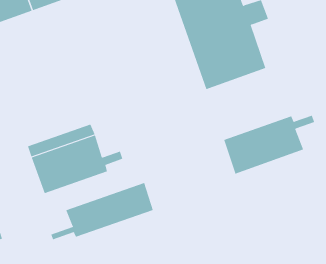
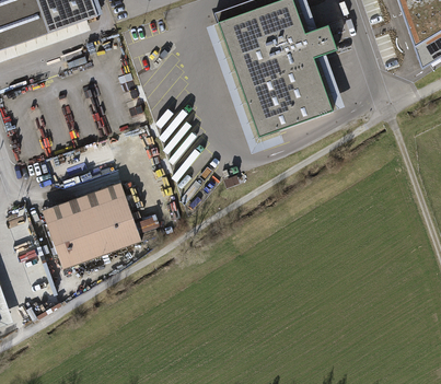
building: [224,115,315,174] -> none
building: [50,182,154,240] -> none

